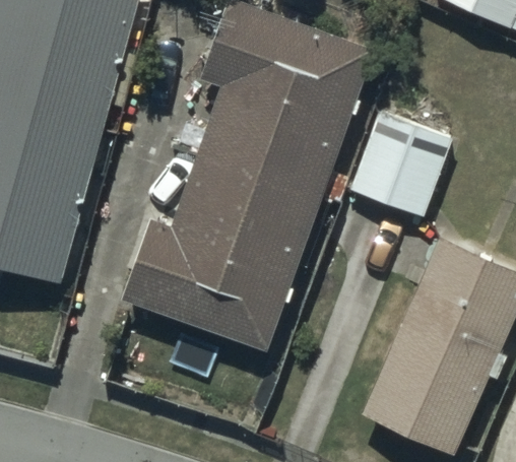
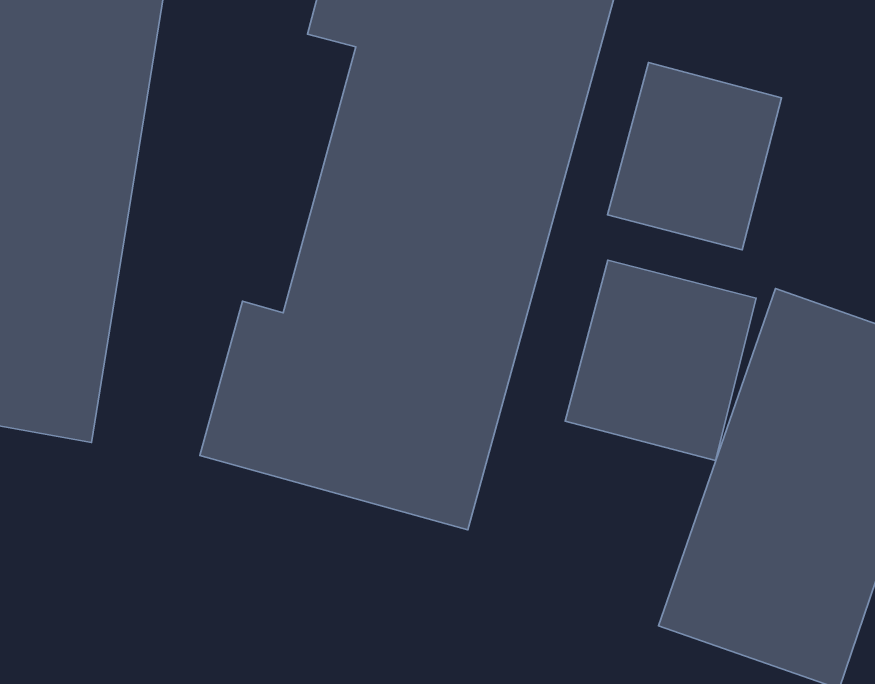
building: none -> [565,260,756,460]

